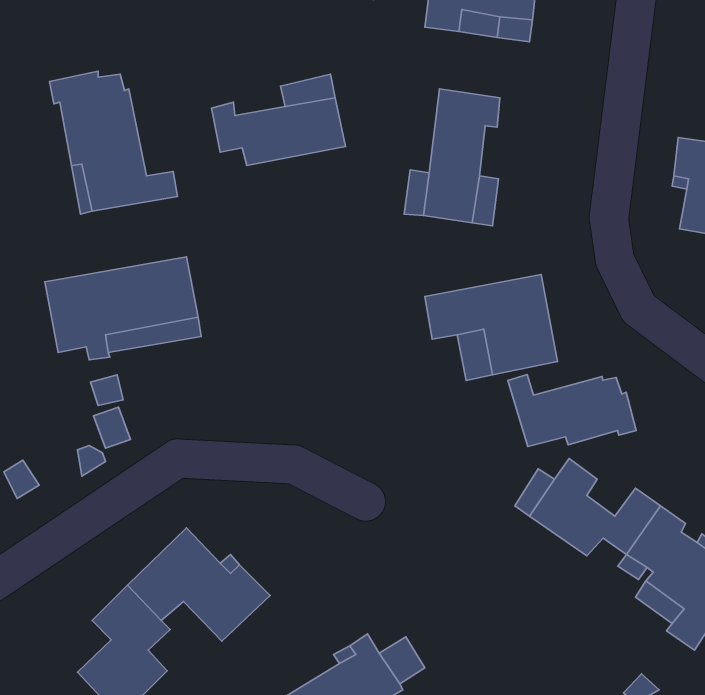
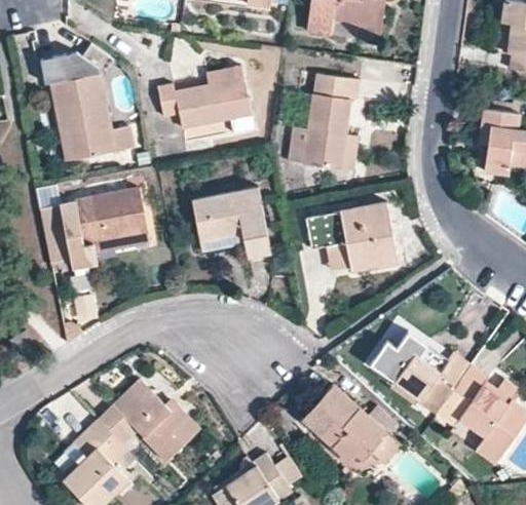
building: none -> [194,188,275,260]
building: [508,375,636,447] -> none
building: none -> [303,385,400,464]

